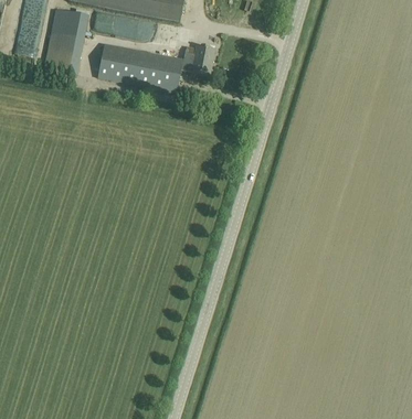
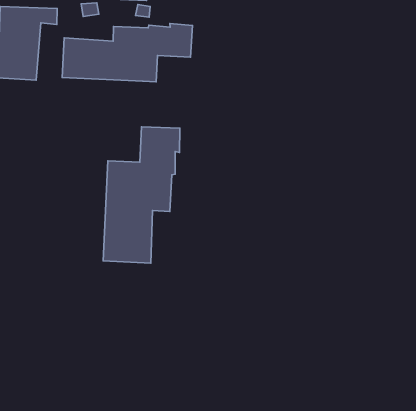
building: none -> [103,127,180,263]

